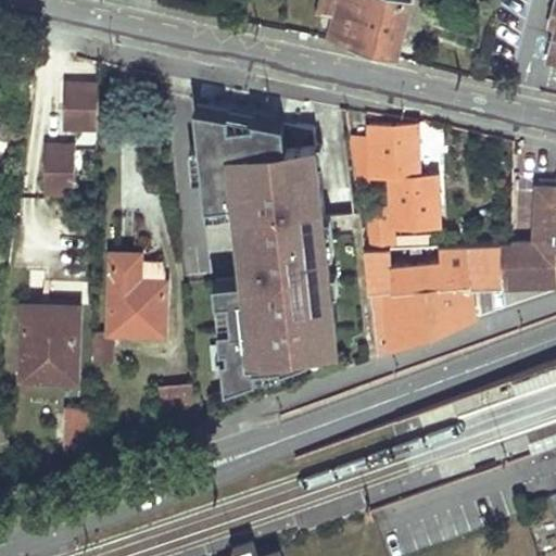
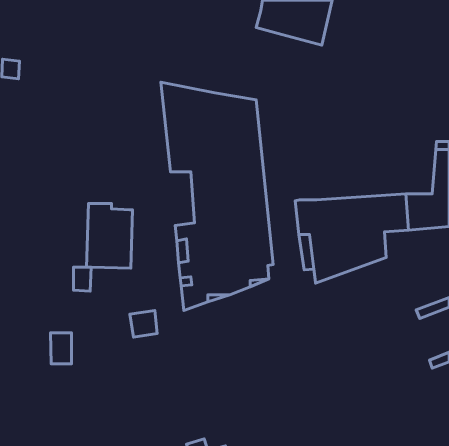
building: [61,86,94,135] -> none
building: [366,127,437,253] -> none
building: [41,147,73,199] -> none
building: [20,309,76,383] -> none

